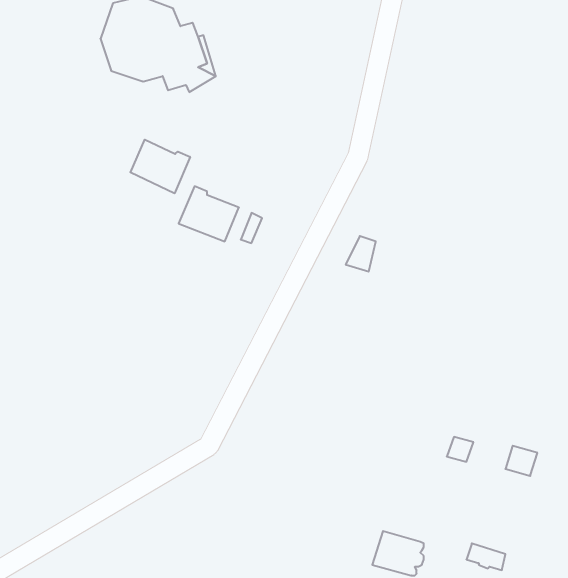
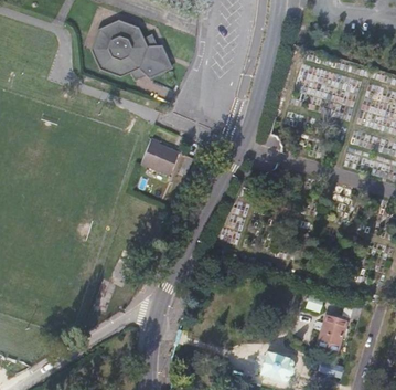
building: [130,140,190,193] -> none
building: none -> [319,315,349,351]

